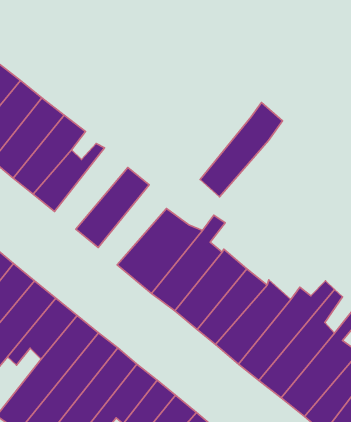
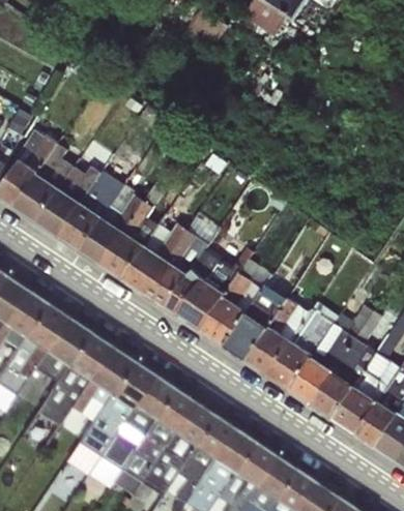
building: [200,102,283,197] -> [147,216,220,309]
building: none -> [103,182,169,279]

